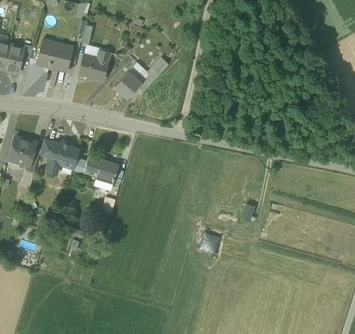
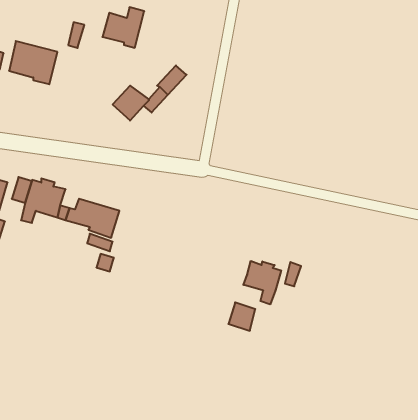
building: [79,49,110,79] -> [102,7,144,48]
building: none -> [243,261,281,304]

